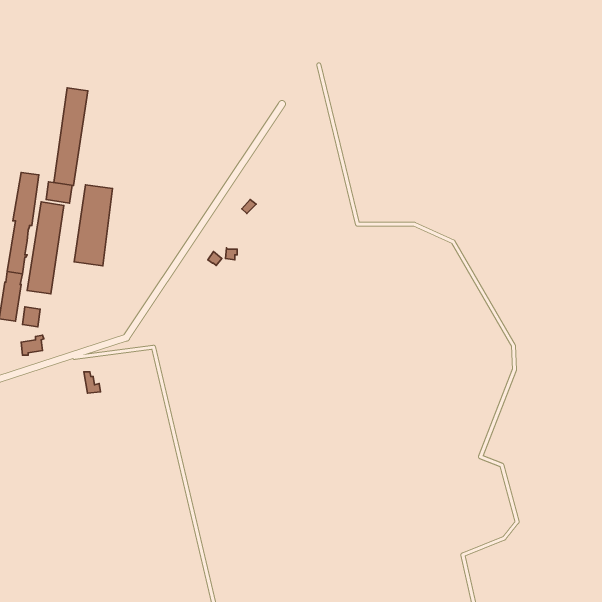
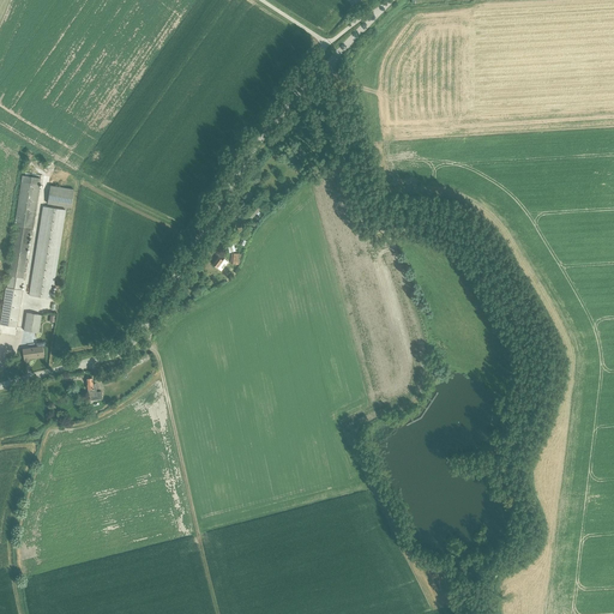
building: [54,88,88,185] -> none
building: [74,185,113,266] -> none

